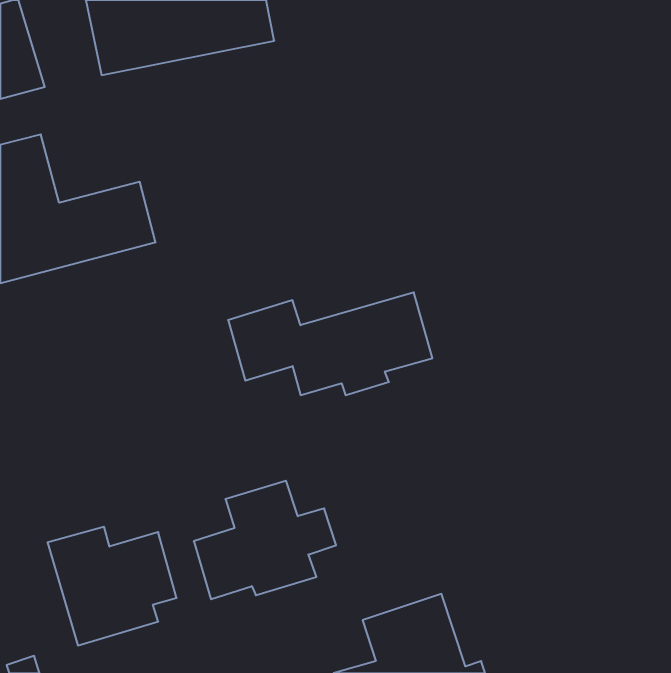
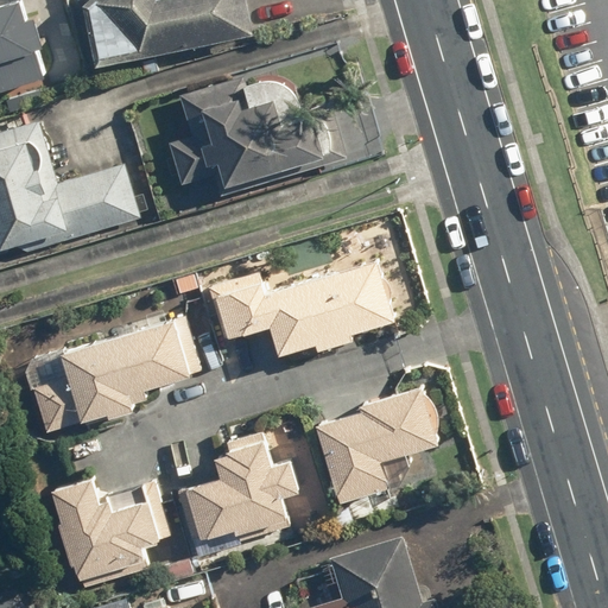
building: none -> [169,78,321,191]
building: none -> [25,319,190,432]
building: none -> [308,386,443,507]

